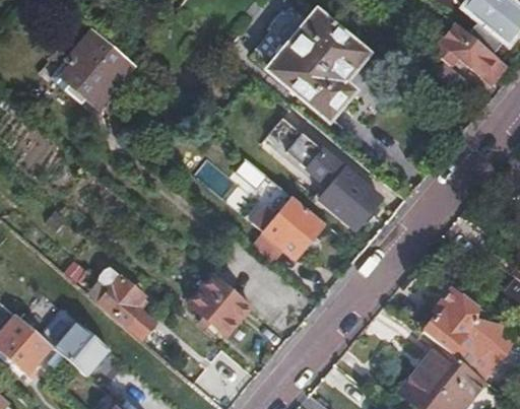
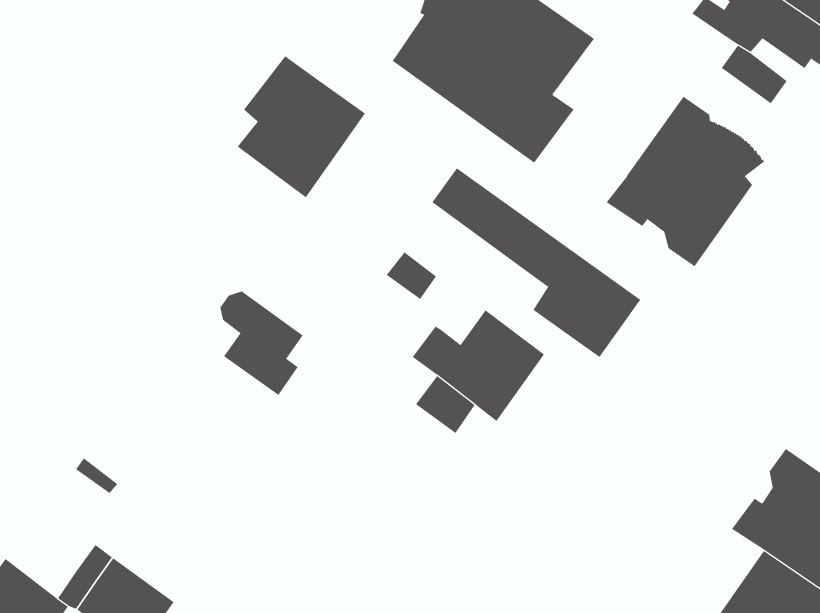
building: [62,30,135,111] -> [237,56,366,198]
building: none -> [606,96,765,267]
building: [98,267,143,327] -> [219,291,304,396]
building: [191,276,251,335] -> none

